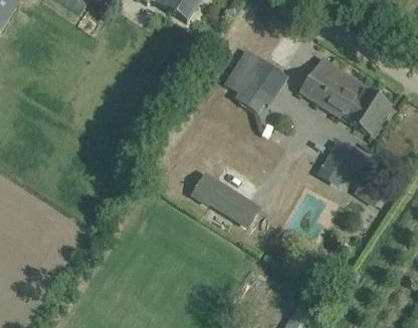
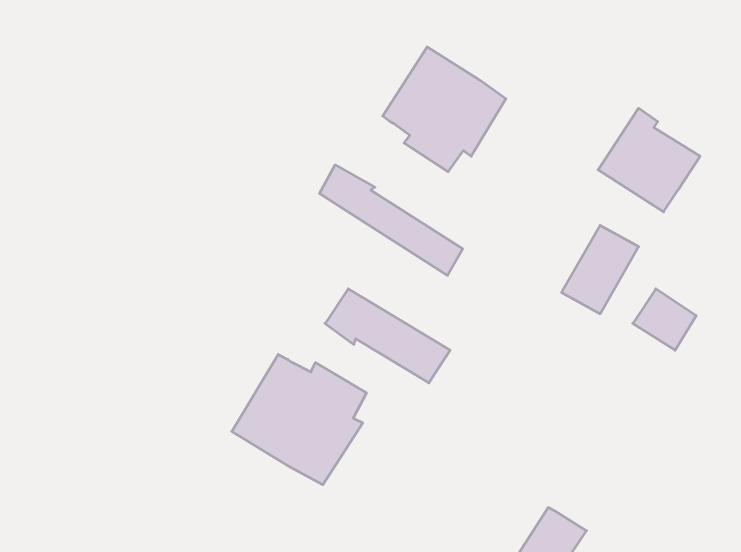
building: [300,58,357,112] -> none
building: none -> [320,165,463,275]
building: none -> [232,354,366,485]

